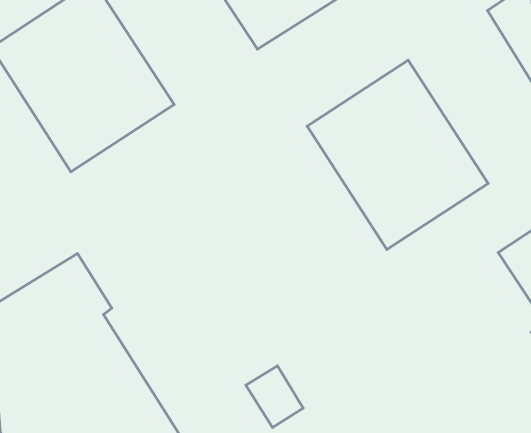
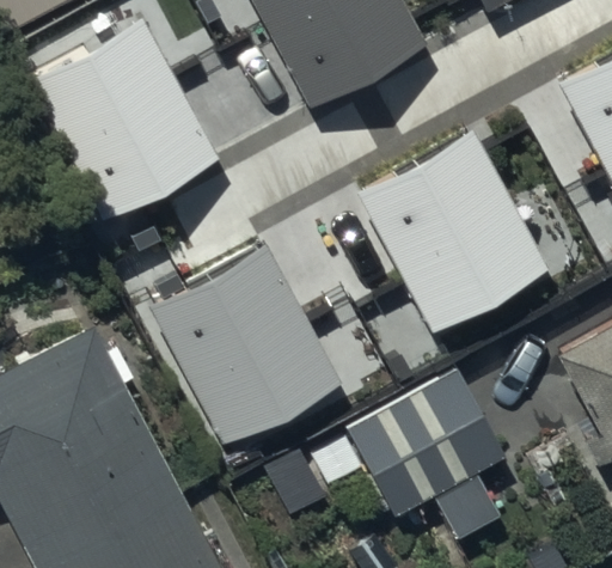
building: none -> [148,248,339,448]
building: none -> [350,372,508,520]

